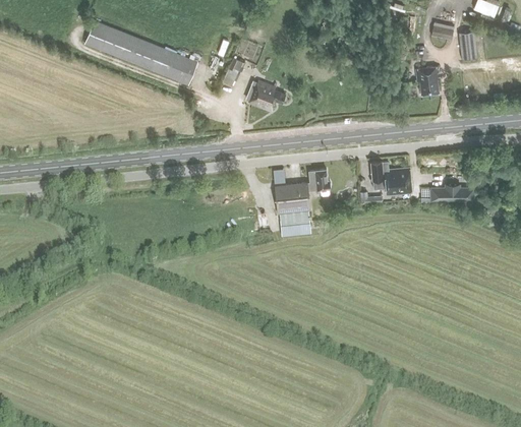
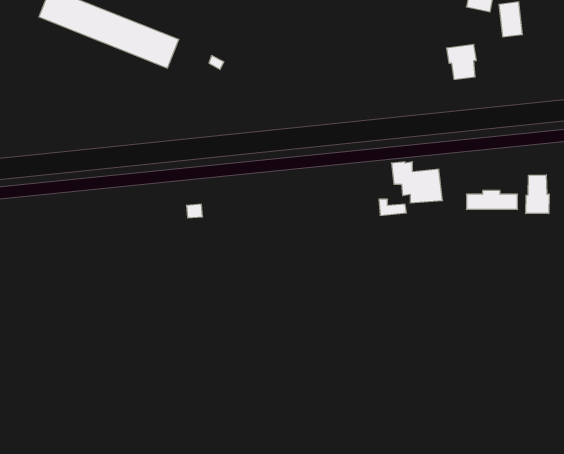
building: [248,79,284,110] -> none
building: [273,168,330,235] -> none
building: none -> [526,175,549,214]

